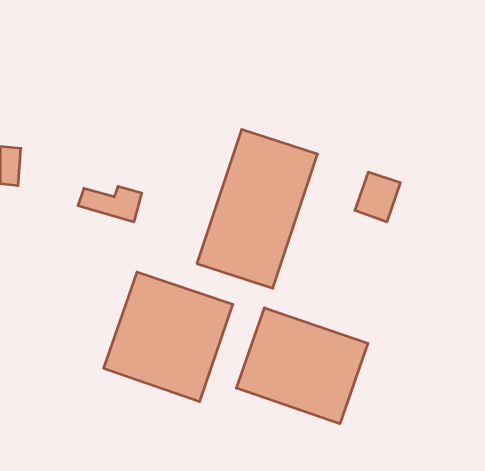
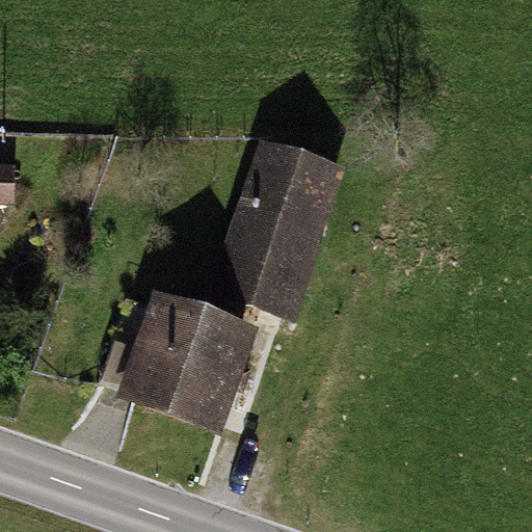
building: [236,308,368,424] -> none

